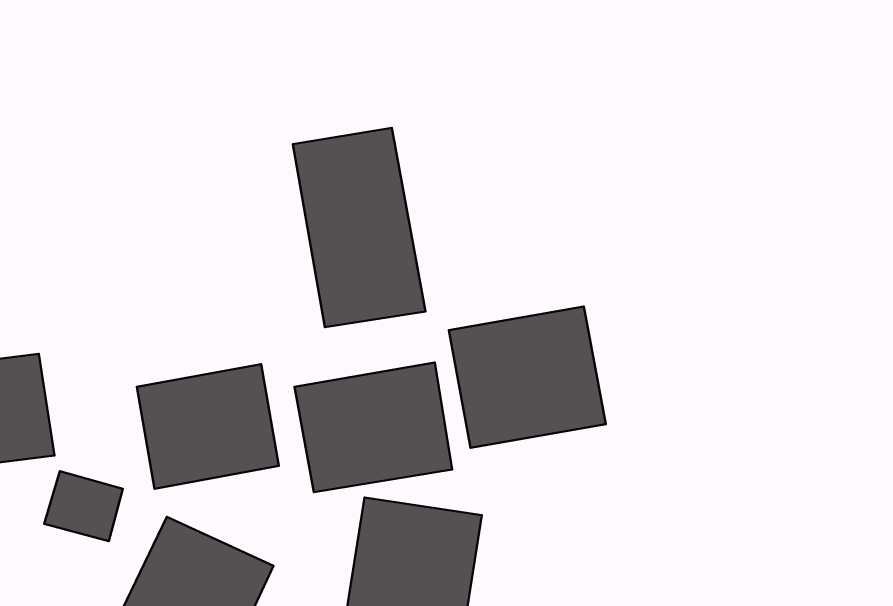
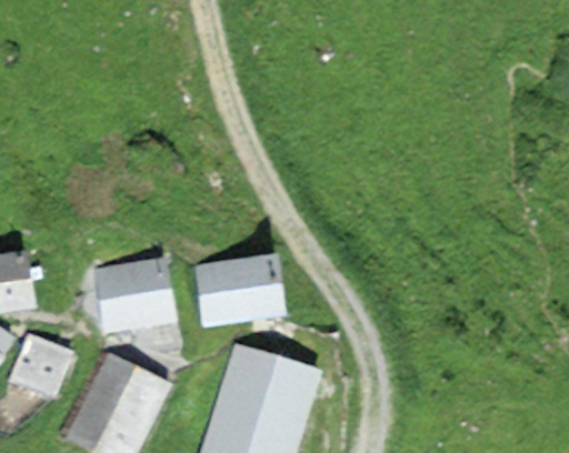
building: [293,128,425,327] -> none
building: [449,306,606,448] -> none

